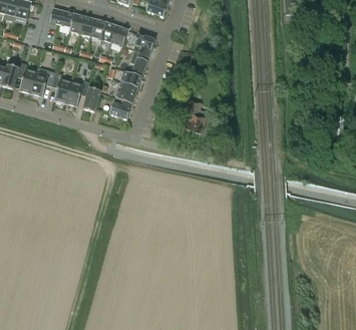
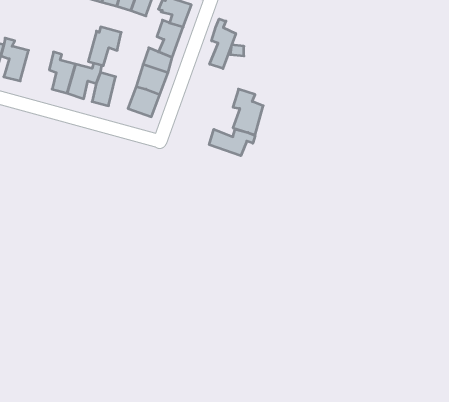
building: none -> [210,19,236,69]
building: [31,68,55,96] -> [88,27,121,66]
building: none -> [209,129,255,156]

